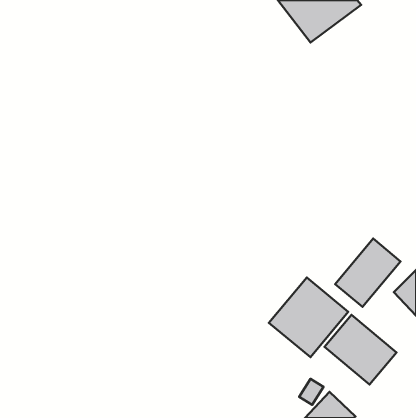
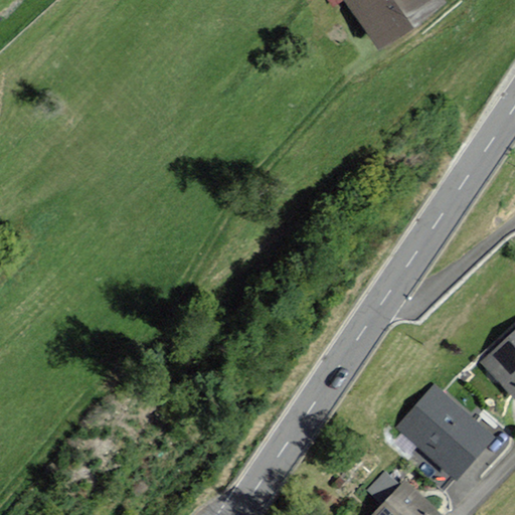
building: [335,239,401,307] -> none
building: [269,277,348,357] -> none

